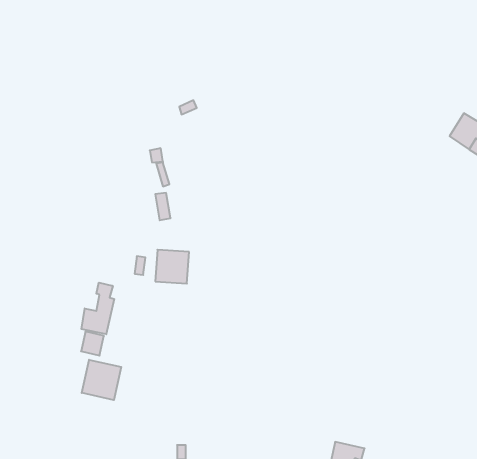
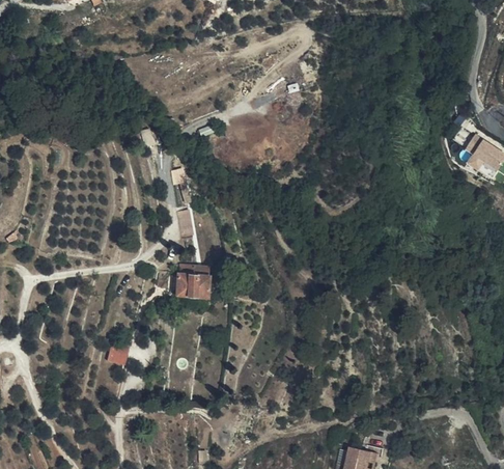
building: [81,283,114,334] -> none
building: [82,360,121,400] -> none

